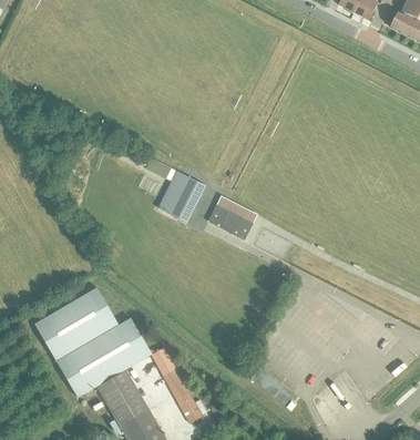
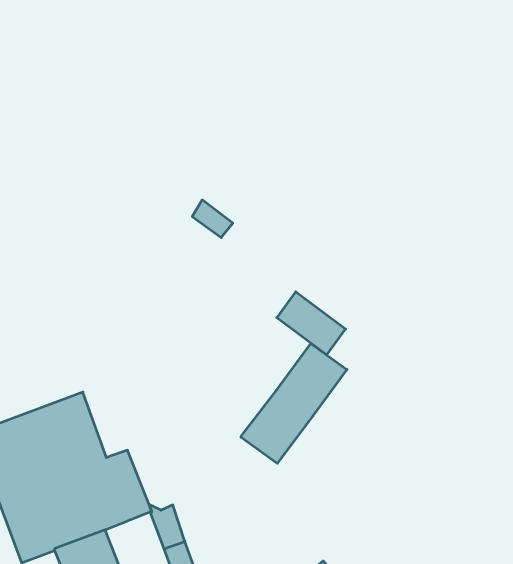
building: [157,170,204,221] -> none
building: none -> [241,343,347,463]

